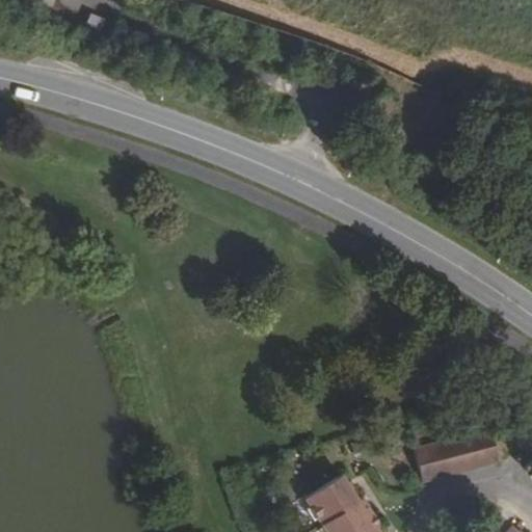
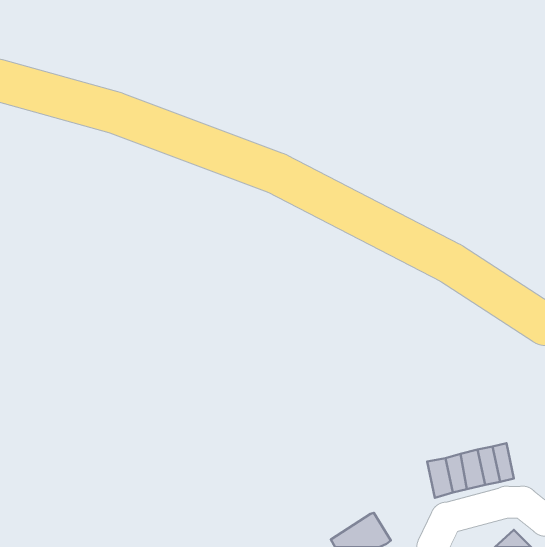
building: [303,472,360,524] -> none

